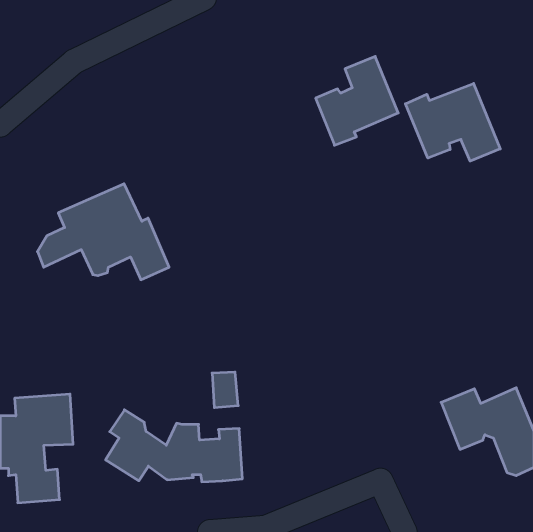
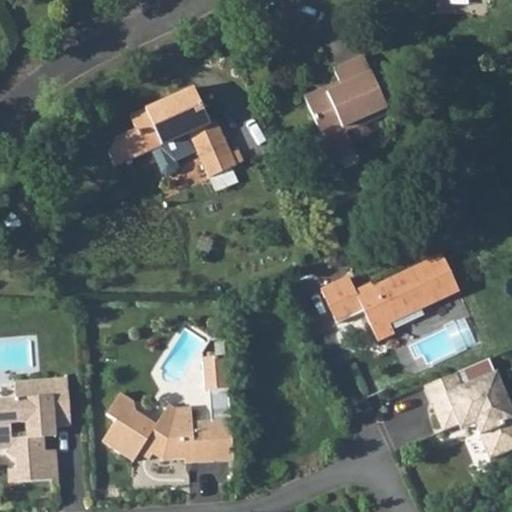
building: [405,83,500,161] -> none
building: [37,184,169,280] -> [109,85,235,177]
building: none -> [321,254,459,339]

